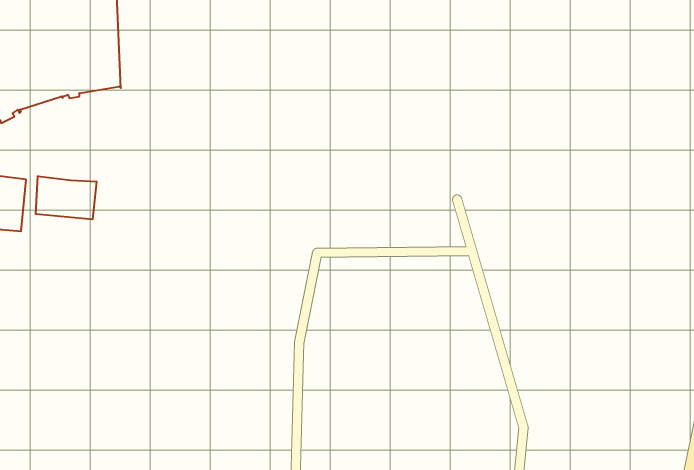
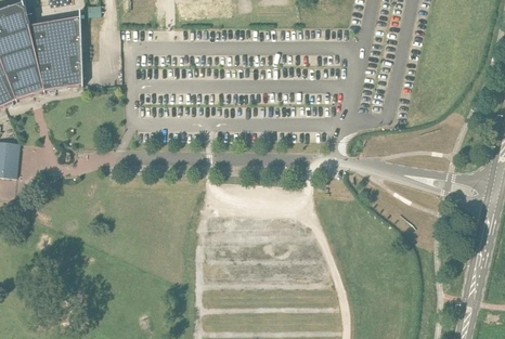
building: [36,176,97,219] -> none

